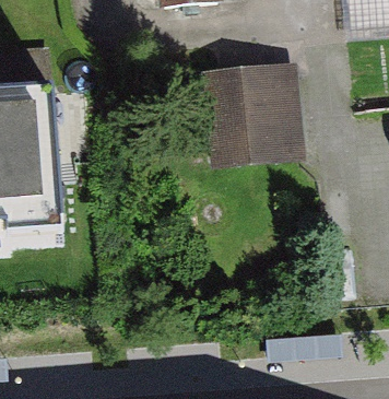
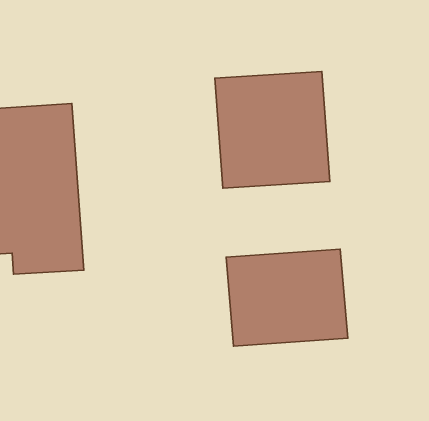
building: none -> [226,249,348,346]

